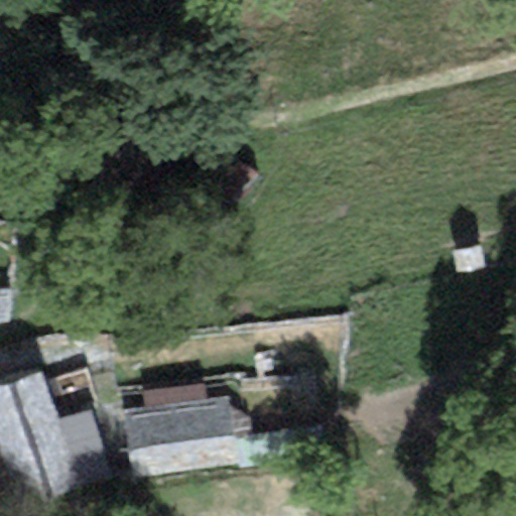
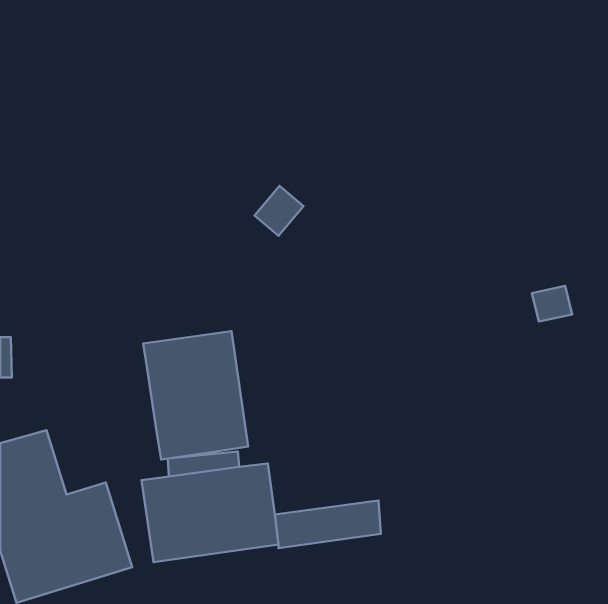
building: none -> [143,331,248,460]

